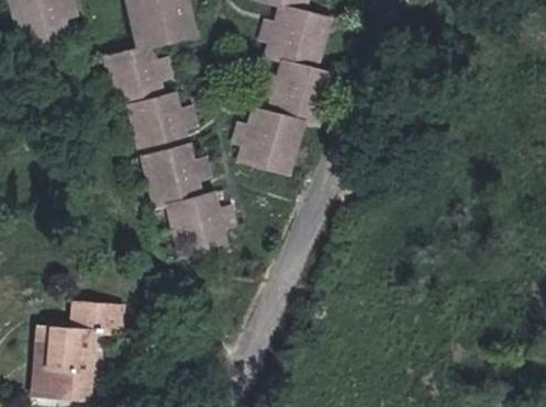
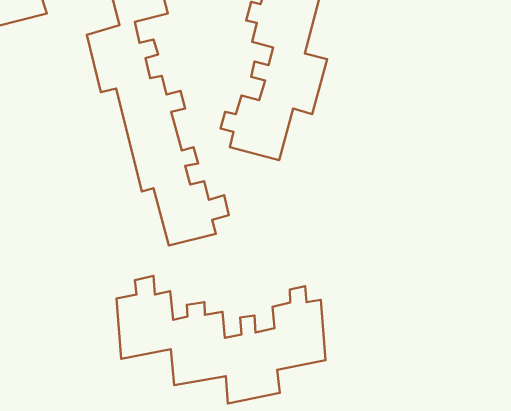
building: none -> [117,276,325,403]
building: [34,298,116,389] -> none

